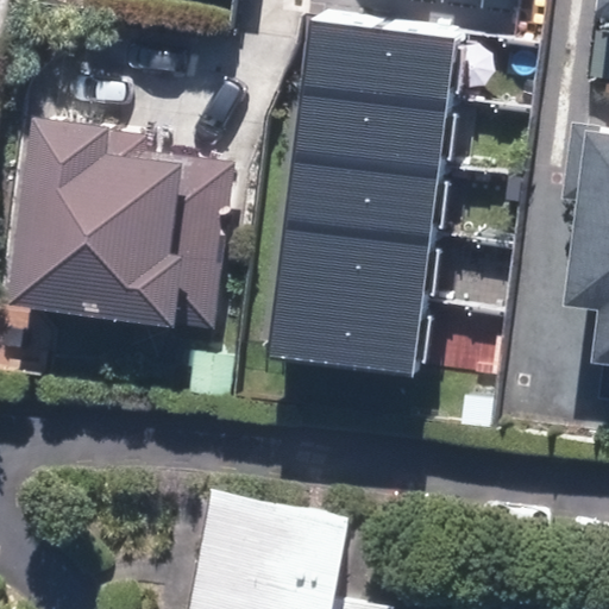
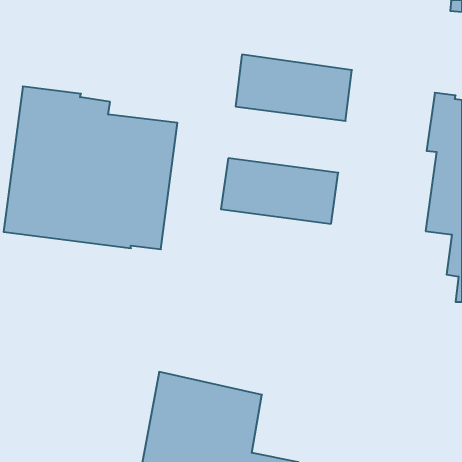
building: [316,8,470,95] -> none
building: [299,143,452,230] -> none
building: [281,277,433,364] -> none

